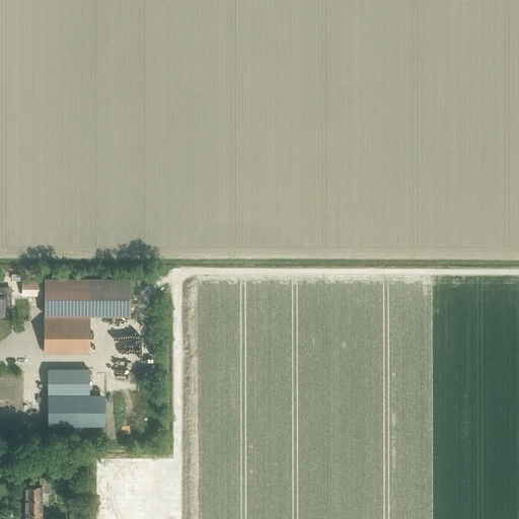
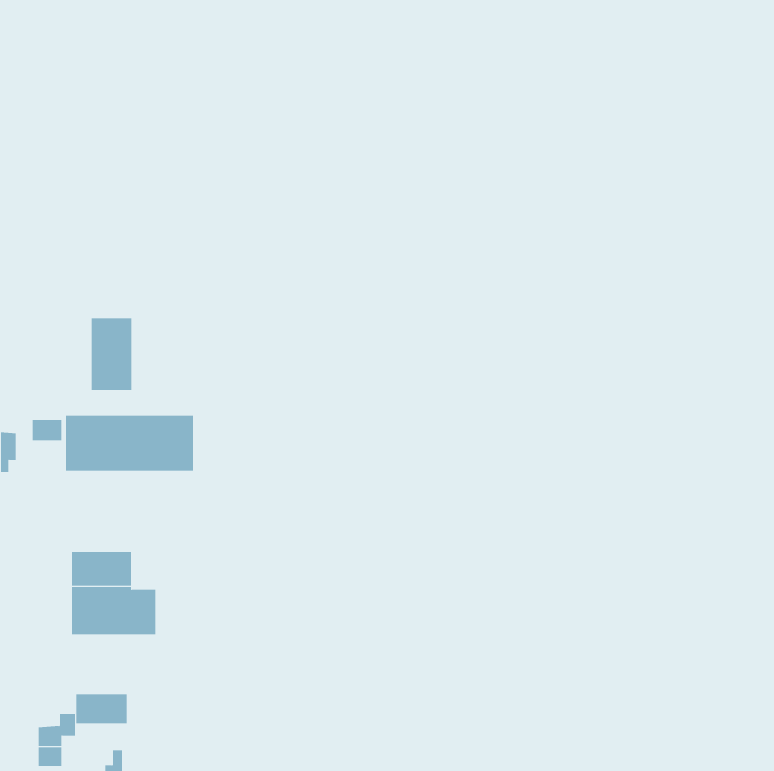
building: none -> [91,317,132,391]
building: [44,319,89,355] -> none
building: none -> [76,693,127,724]

